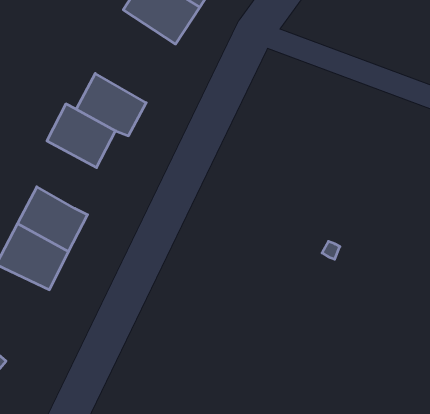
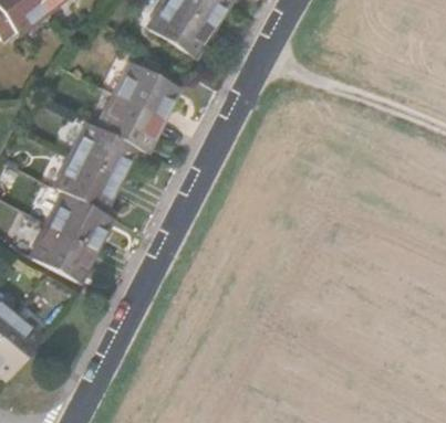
building: none -> [116,60,177,116]
building: none -> [55,149,117,208]

